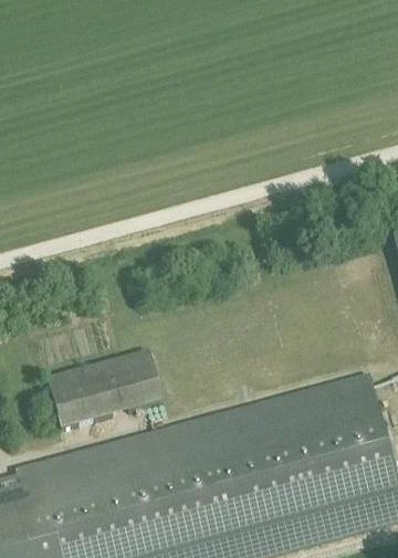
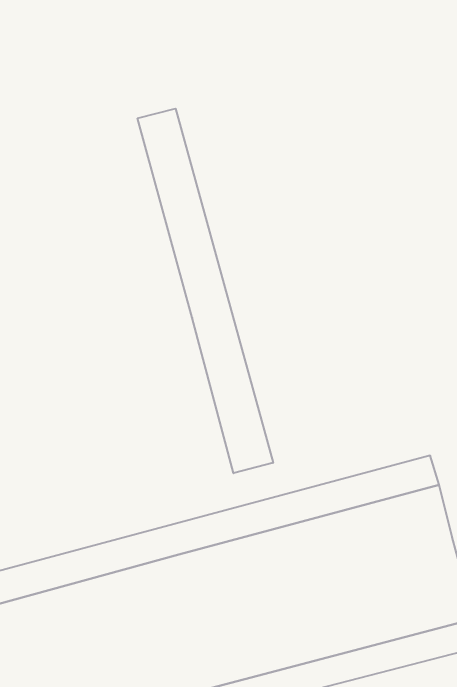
building: none -> [138,109,273,473]
building: [48,350,164,430] -> none

